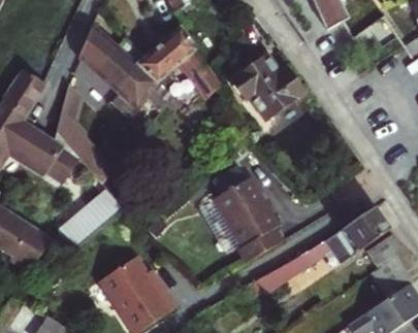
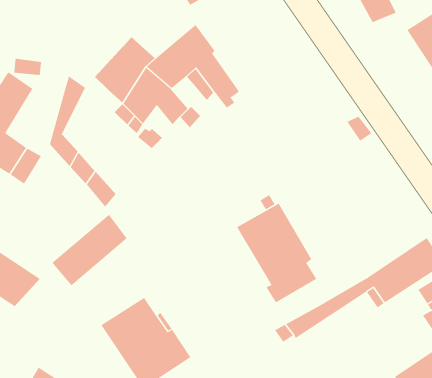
building: [76,24,118,71] -> none
building: [229,54,304,121] -> none
building: [35,138,78,179] -> none

